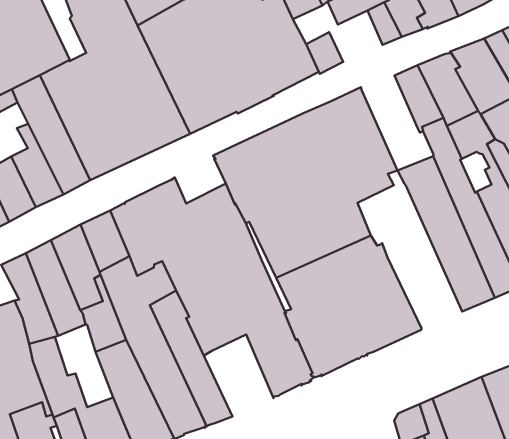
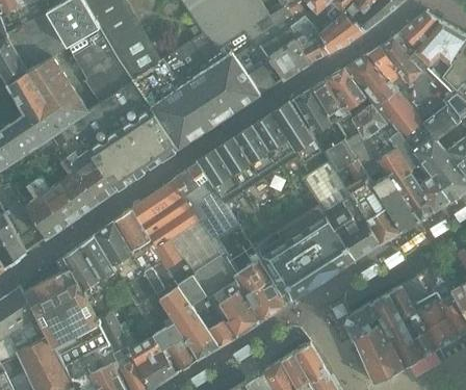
building: none -> [268,47,301,80]
building: none -> [294,88,333,133]
building: none -> [173,163,208,197]
building: none -> [303,161,382,258]
building: none -> [210,280,262,337]

